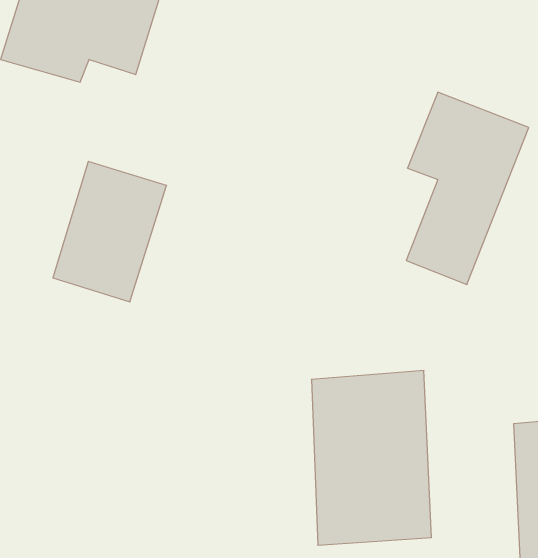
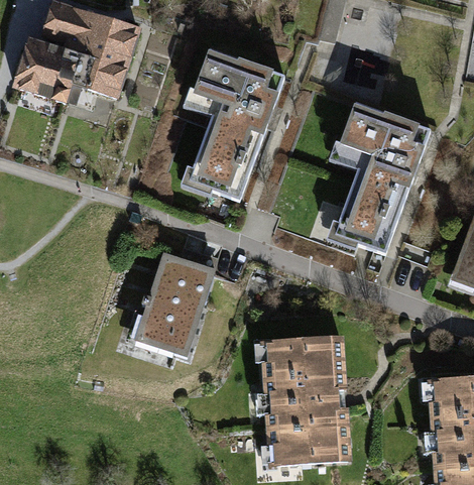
building: none -> [191,51,288,205]
building: [53,161,167,302] -> [121,249,212,361]

